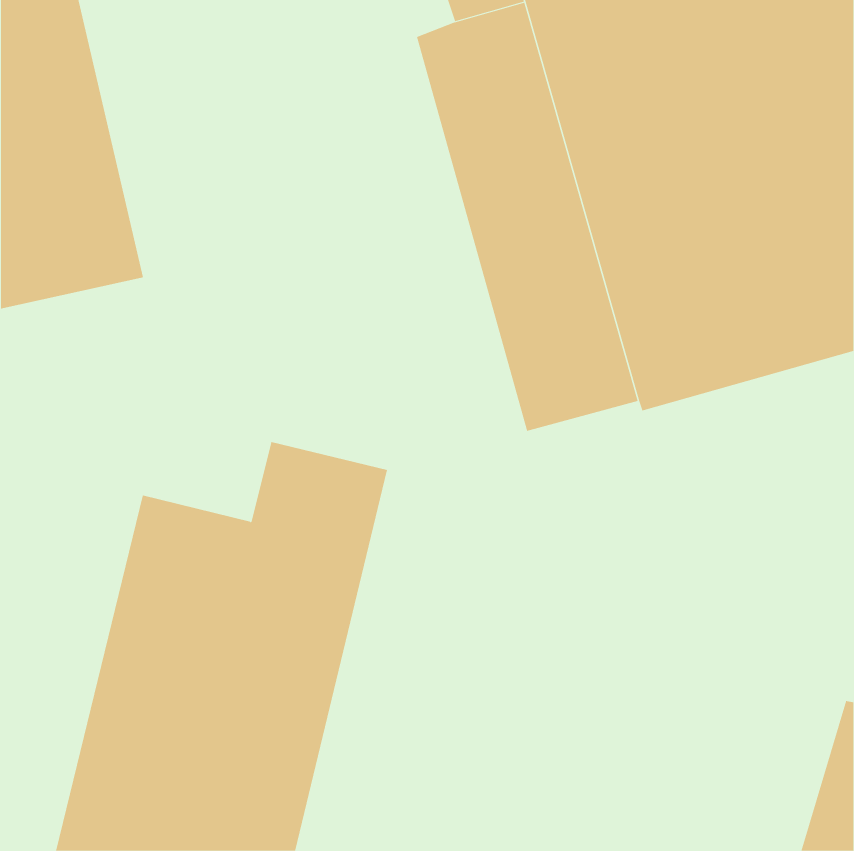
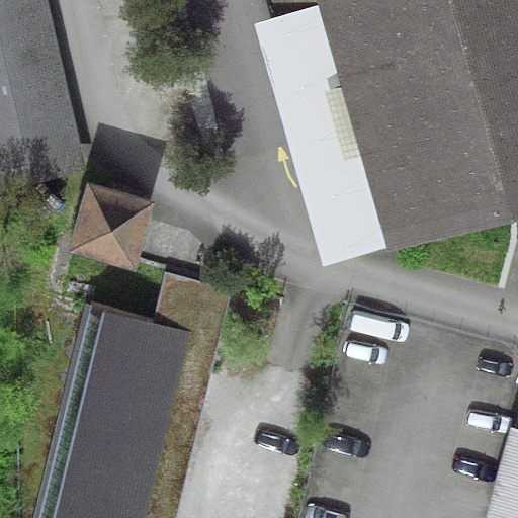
building: none -> [68,180,155,269]

